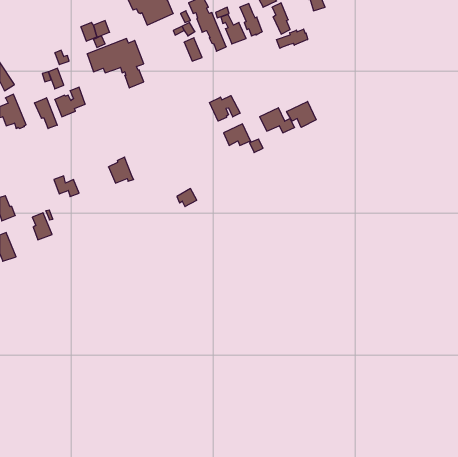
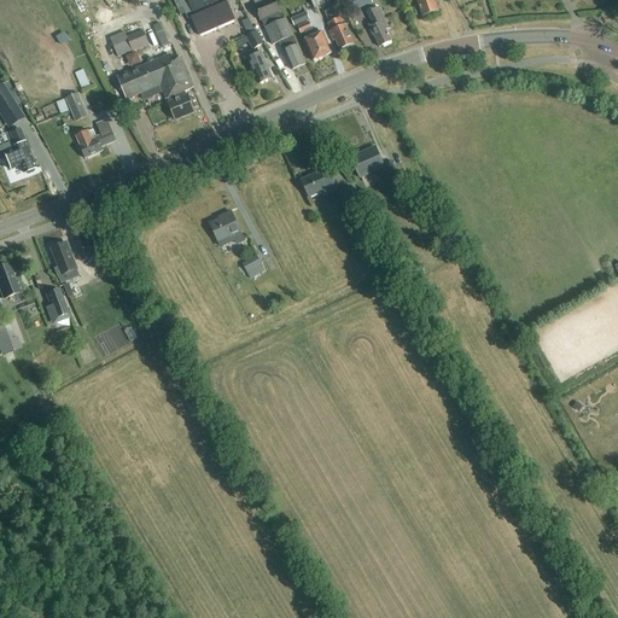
building: [276,29,308,48] -> none
building: [209,96,240,121] -> none
building: [35,98,57,129] -> none
building: [287,101,316,127] -> none
building: [108,157,134,183] -> [209,210,243,245]
building: none -> [51,241,77,281]

